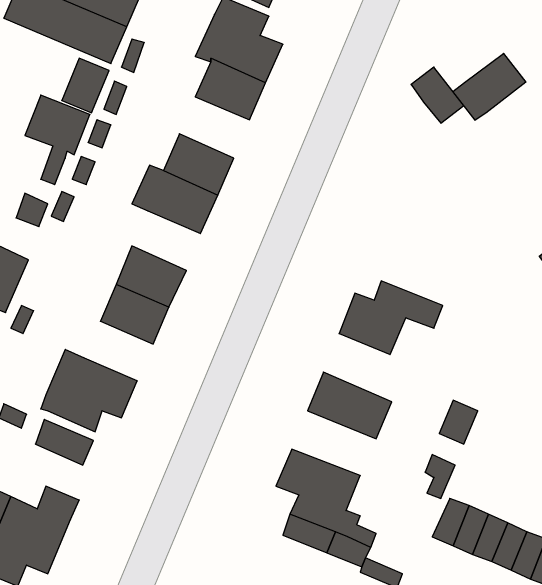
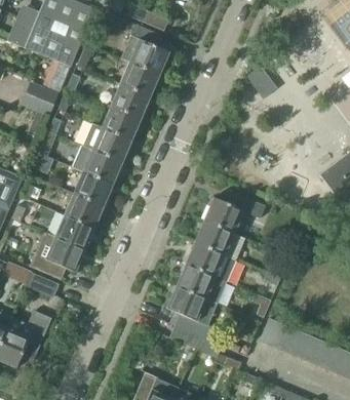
building: [453,53,526,120] -> none
building: none -> [110,83,151,119]
building: none -> [73,146,122,185]
building: none -> [54,214,94,249]
building: none -> [194,222,243,262]
building: none -> [176,267,225,305]

